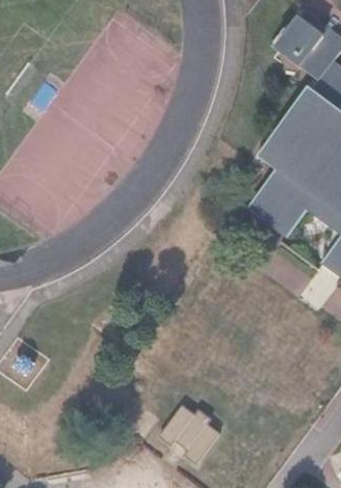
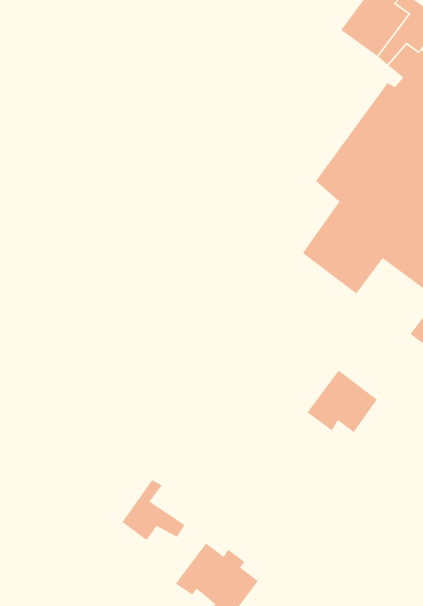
building: none -> [306,370,378,433]
building: none -> [121,479,186,540]

